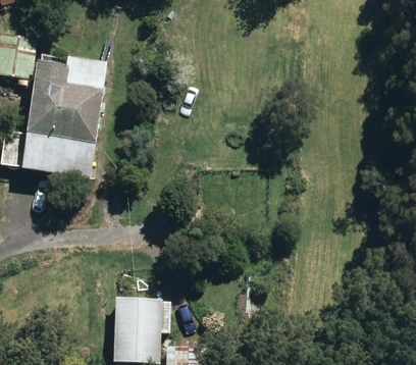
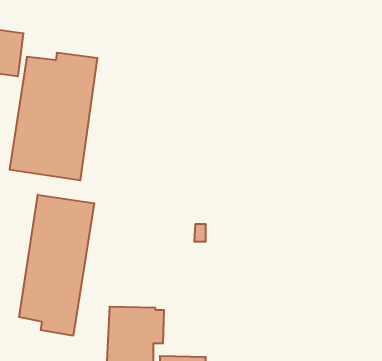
building: none -> [19,195,94,336]

